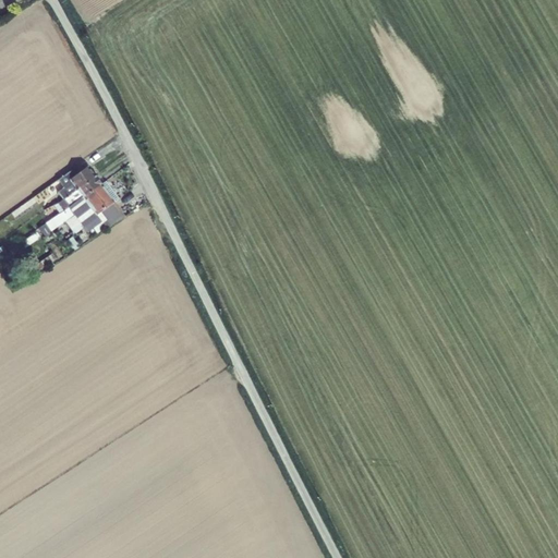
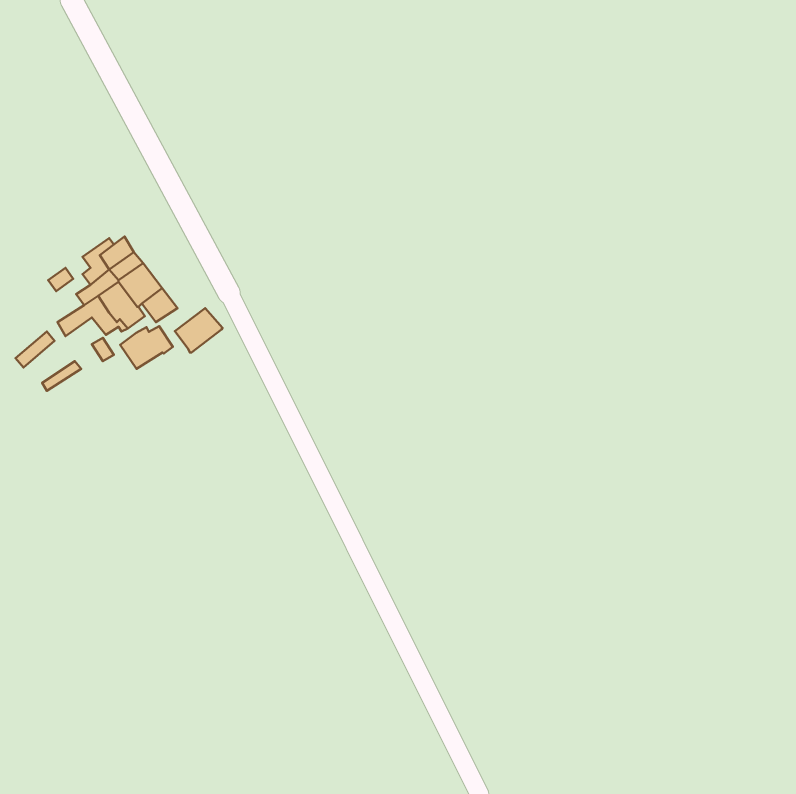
building: none -> [175,308,222,353]
building: none -> [120,326,173,369]

